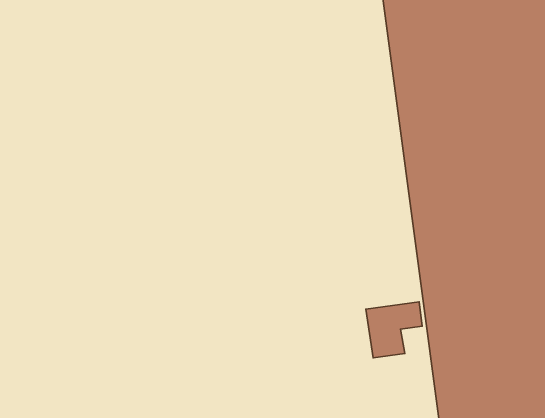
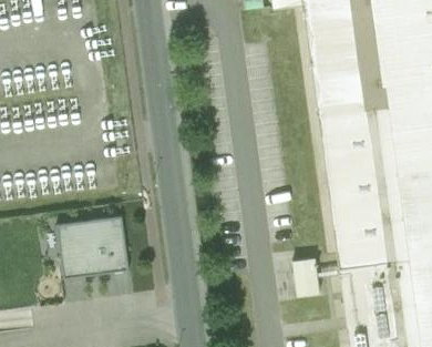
building: none -> [58,218,126,277]

